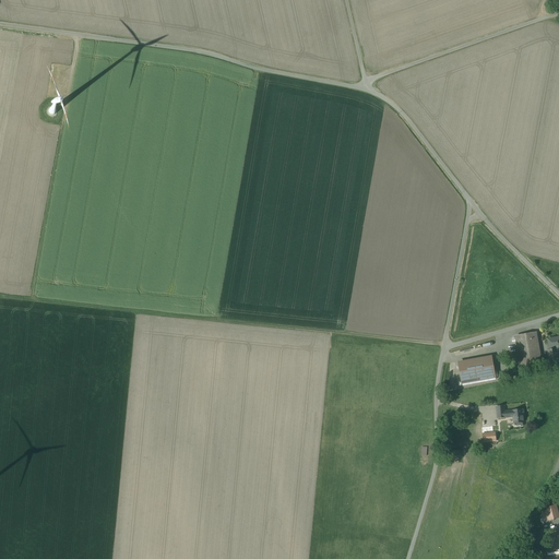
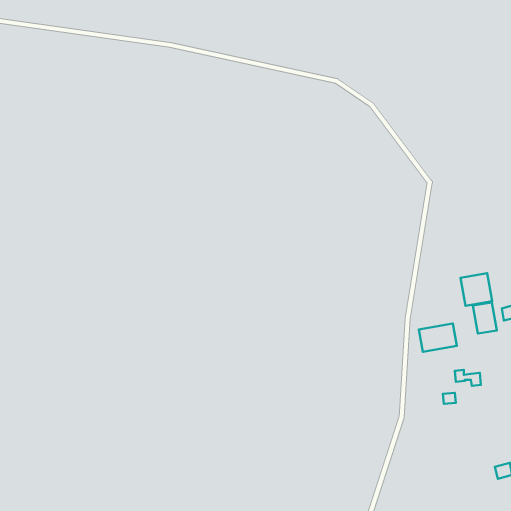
building: none -> [461,273,492,306]

